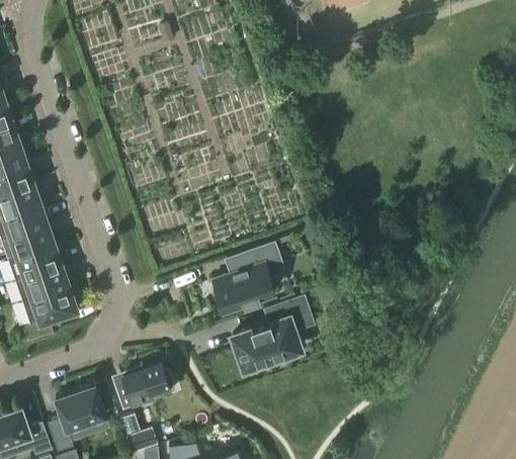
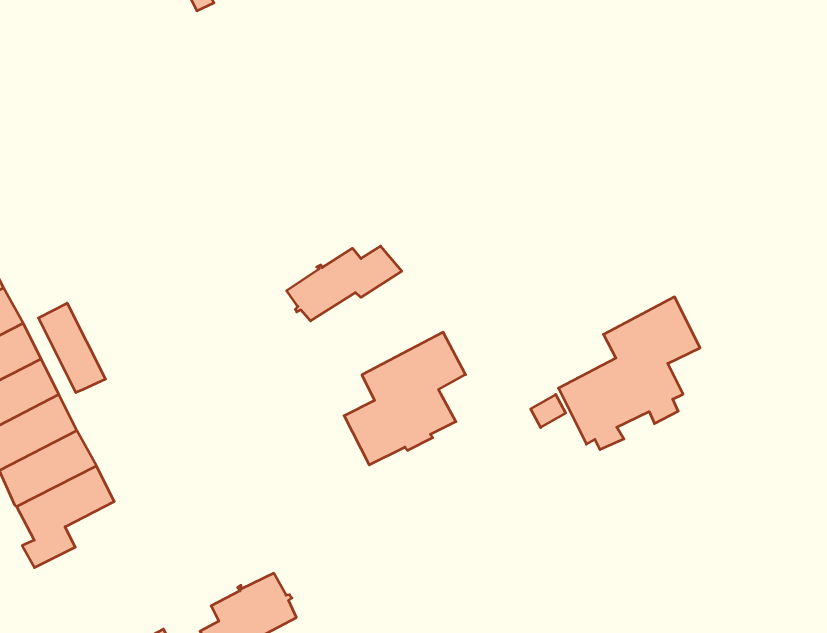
building: none -> [287,246,402,321]
building: none -> [38,303,106,393]
building: [232,297,314,376] -> [558,297,700,450]

